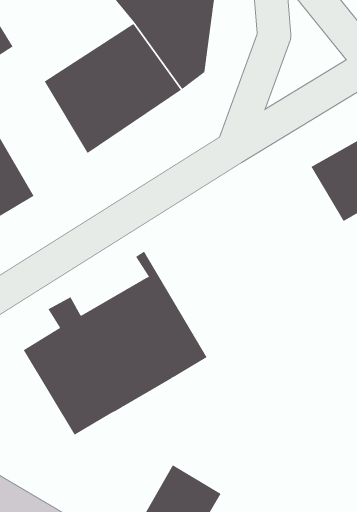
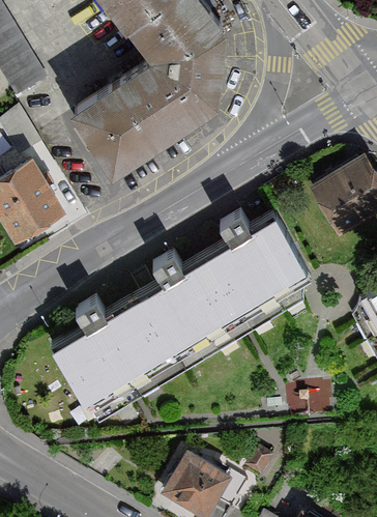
building: none -> [162,213,311,354]

